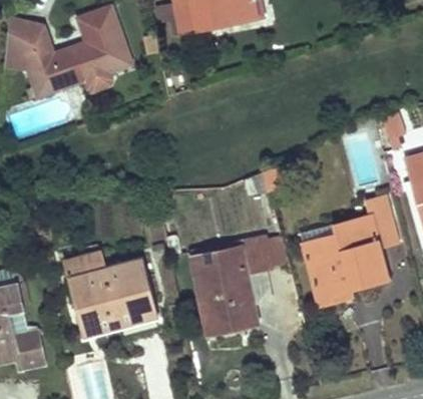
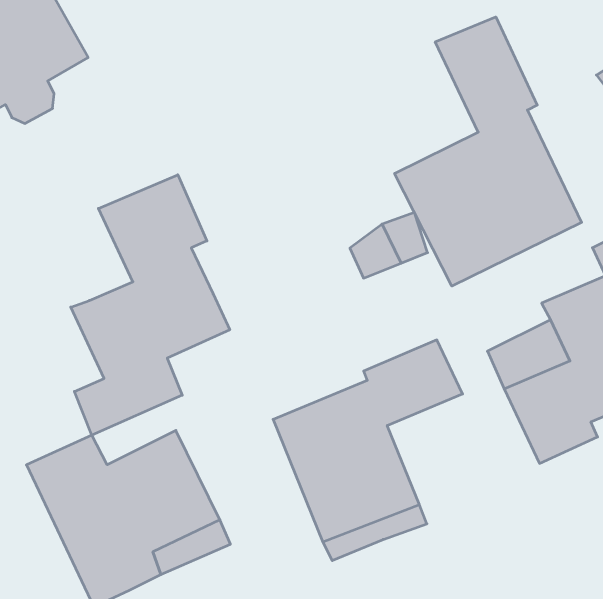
building: none -> [395,17,582,286]
building: none -> [71,175,230,435]

